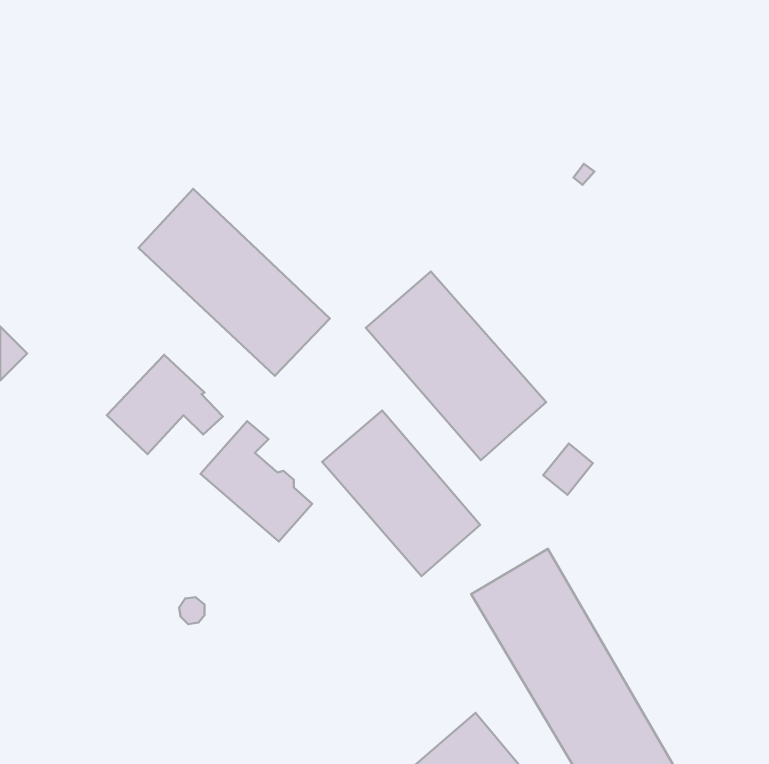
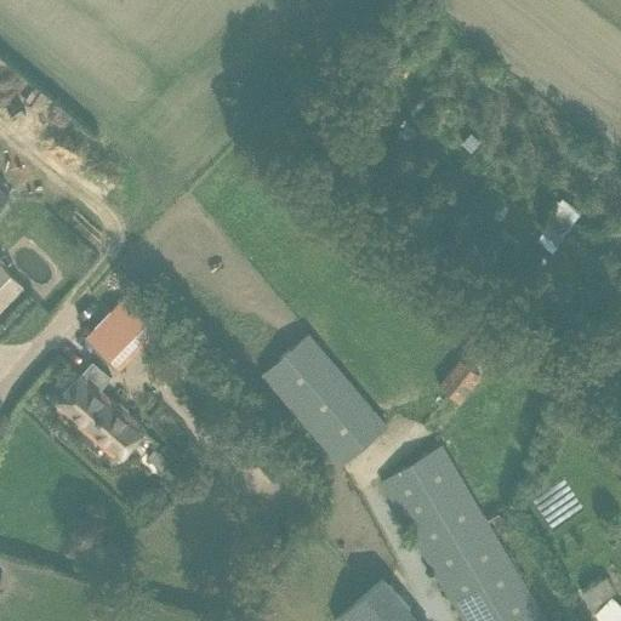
building: [138,189,330,376] -> none
building: [366,272,546,460] -> none
building: [201,421,312,542] -> [53,364,143,461]

